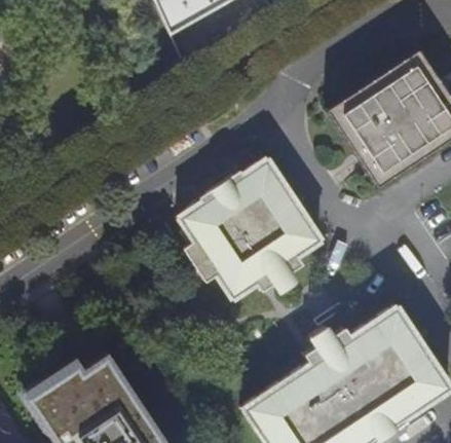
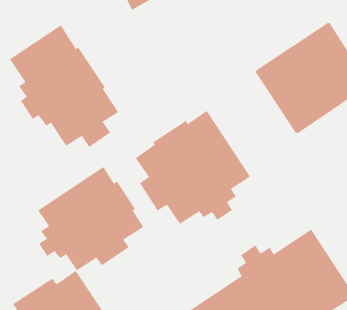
building: none -> [9,25,119,148]
building: none -> [37,166,144,271]

